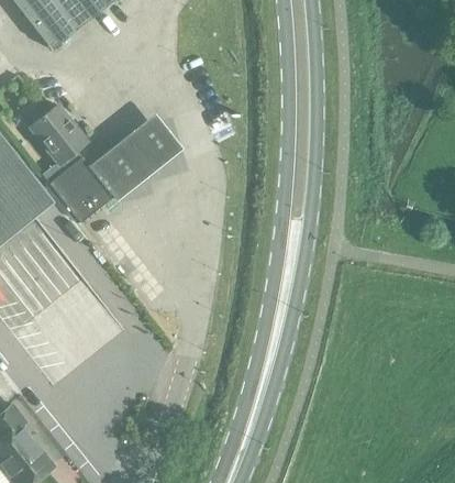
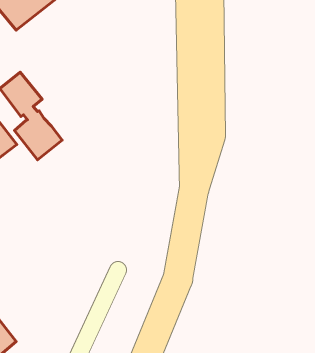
building: [88,113,185,202] -> none

